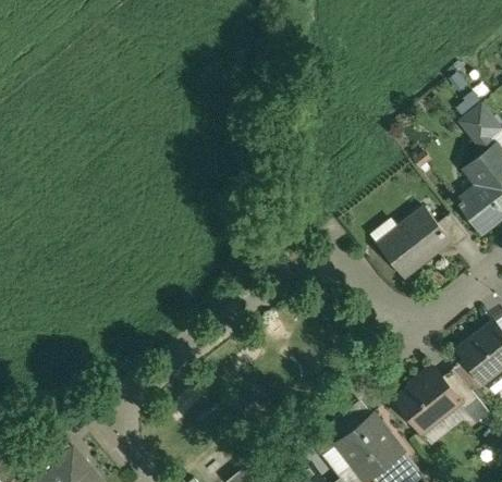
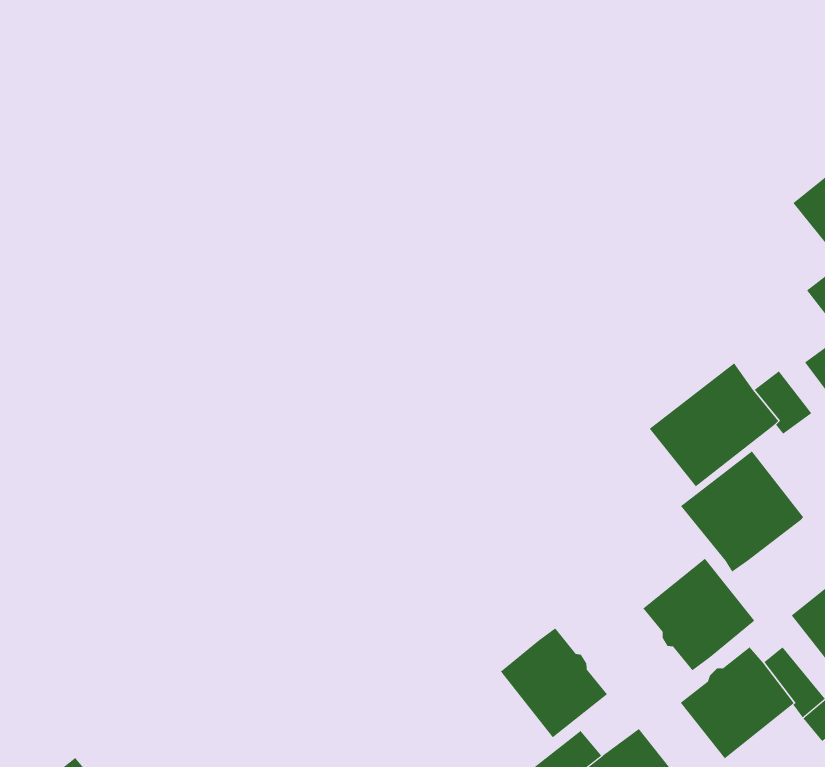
building: none -> [680,450,804,572]
building: none -> [642,558,755,671]
building: none -> [500,628,608,738]

